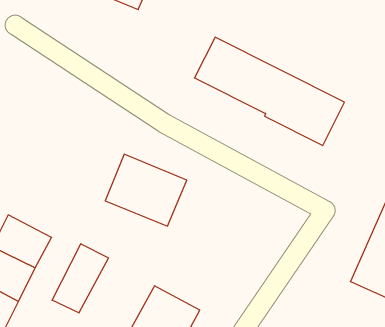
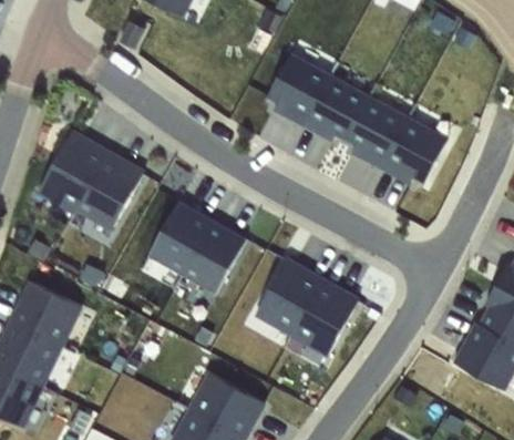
building: none -> [37,130,153,235]
building: none -> [249,255,364,356]
building: [52,244,108,313] -> none

